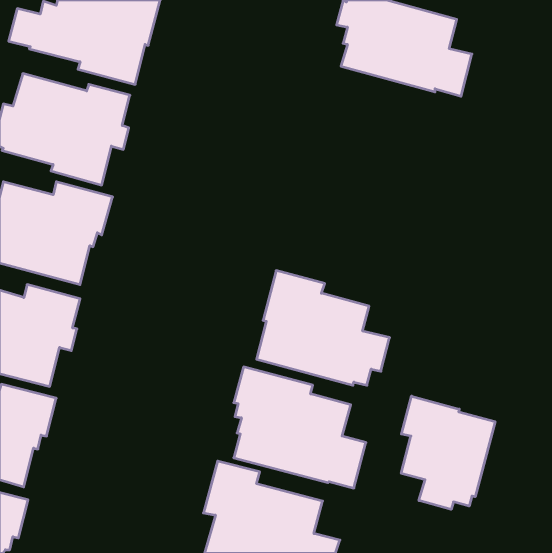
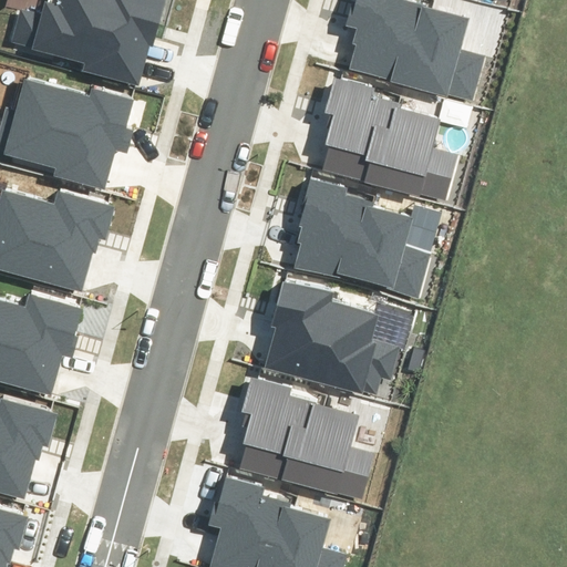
building: none -> [321,74,460,199]
building: none -> [296,177,431,299]
building: [401,396,495,509] -> none

